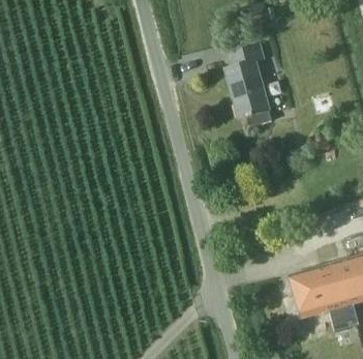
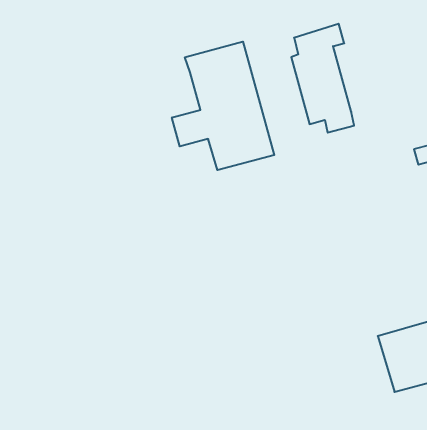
building: none -> [172,42,274,170]

